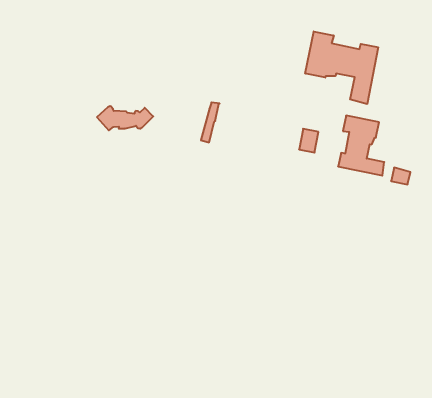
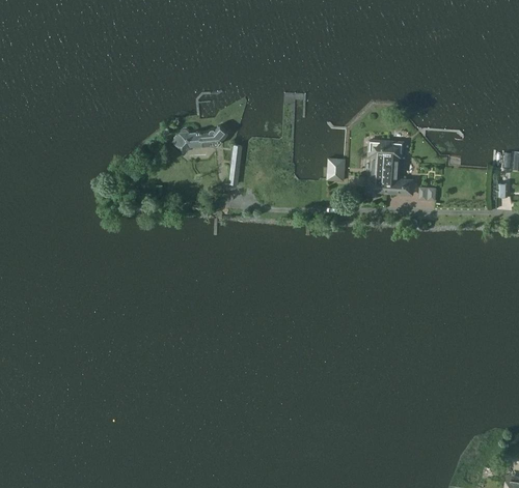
building: [305,31,378,104] -> none
building: [97,106,153,130] -> [174,125,229,152]

